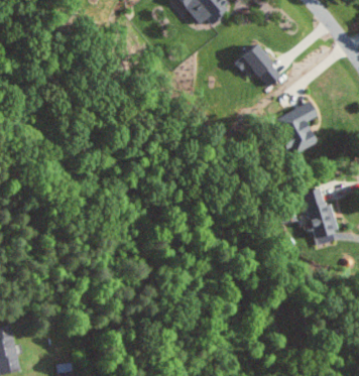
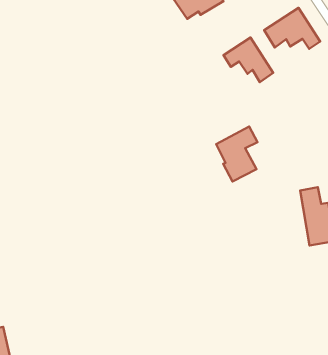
building: none -> [264,8,320,49]
building: [275,101,316,154] -> [216,126,258,182]

